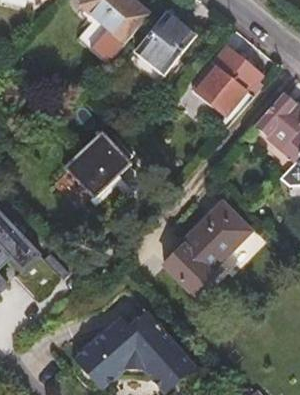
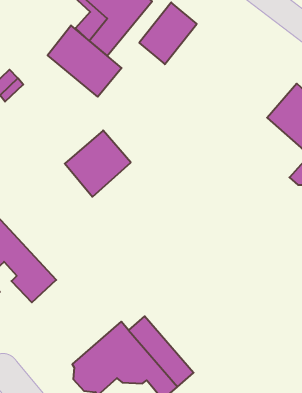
building: none -> [48,25,122,97]
building: [201,48,262,111] -> none
building: [166,203,249,292] -> none

